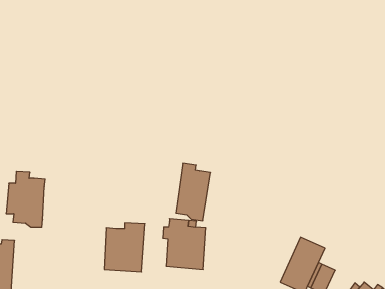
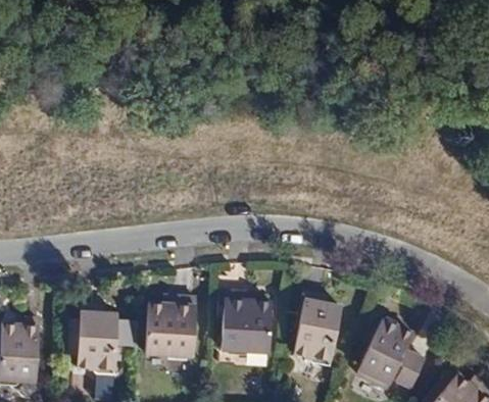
building: [176,163,211,221] -> [297,293,339,362]
building: [6,171,45,227] -> [70,306,117,373]

